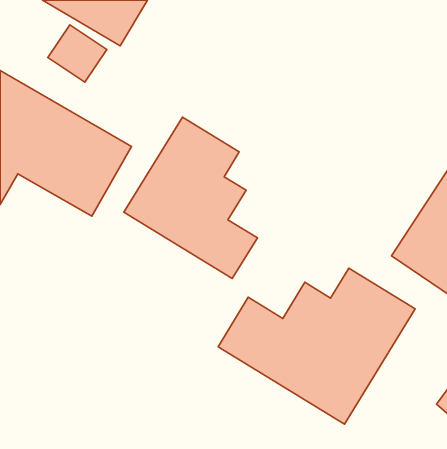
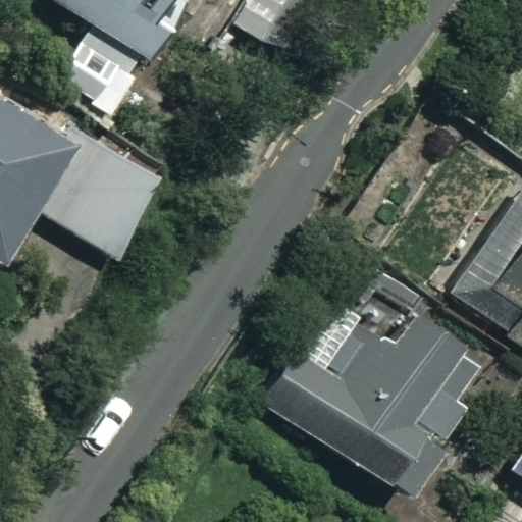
building: [124,117,257,278] -> none

